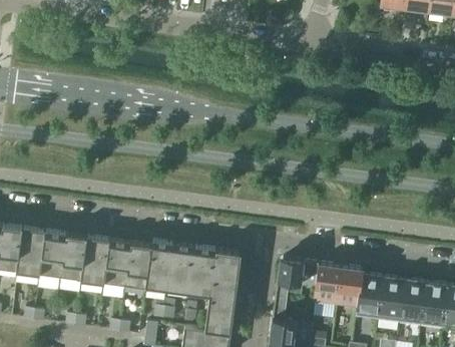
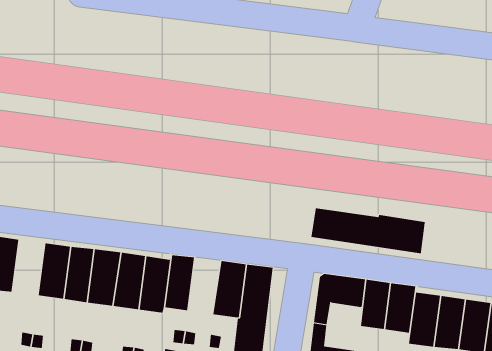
building: none -> [311,208,425,254]
building: [17,228,45,276] -> none
building: [167,243,195,292] -> none

